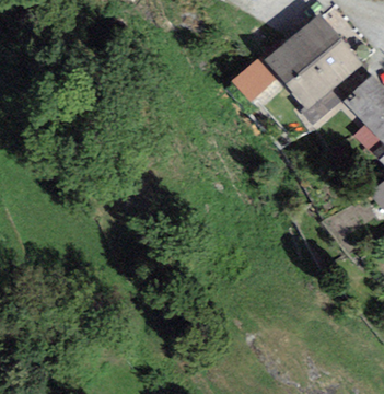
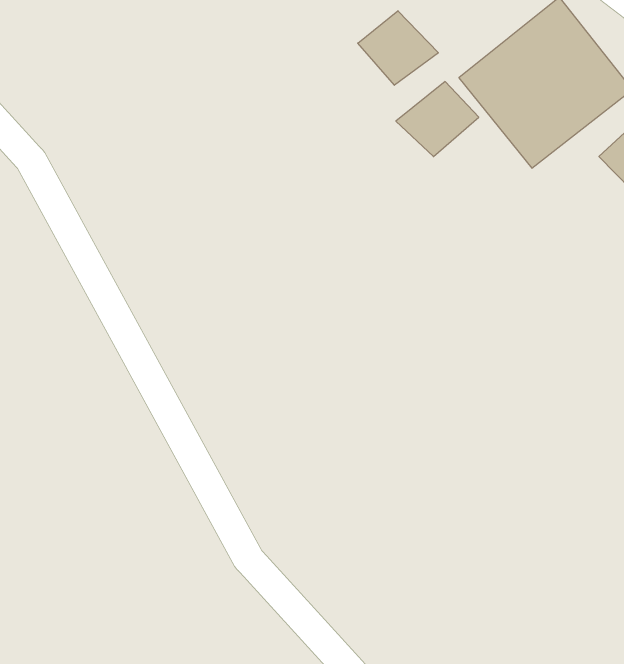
building: none -> [358,11,438,85]

